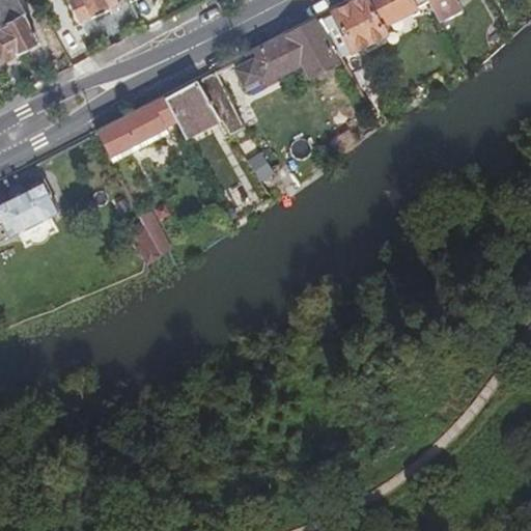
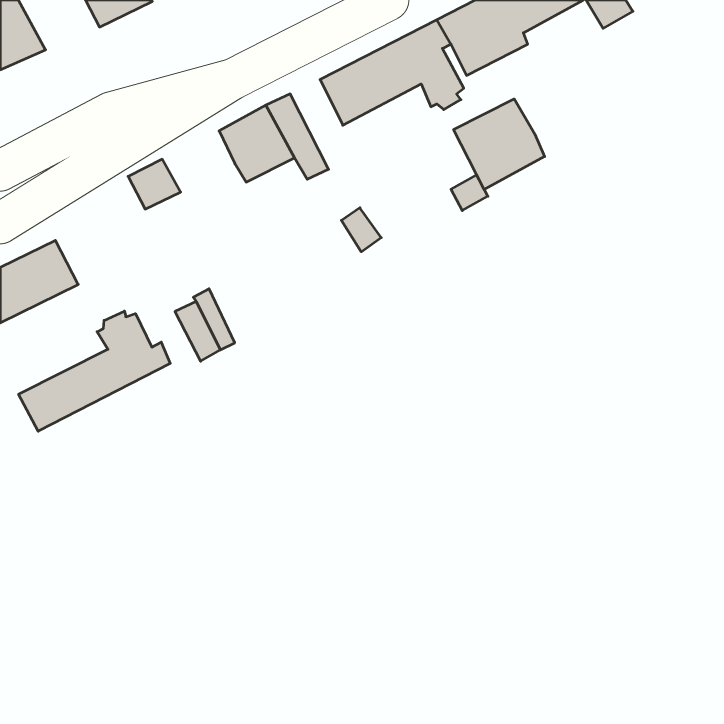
building: none -> [454,99,545,190]
building: [120,97,173,142] -> none
building: none -> [19,311,170,431]

